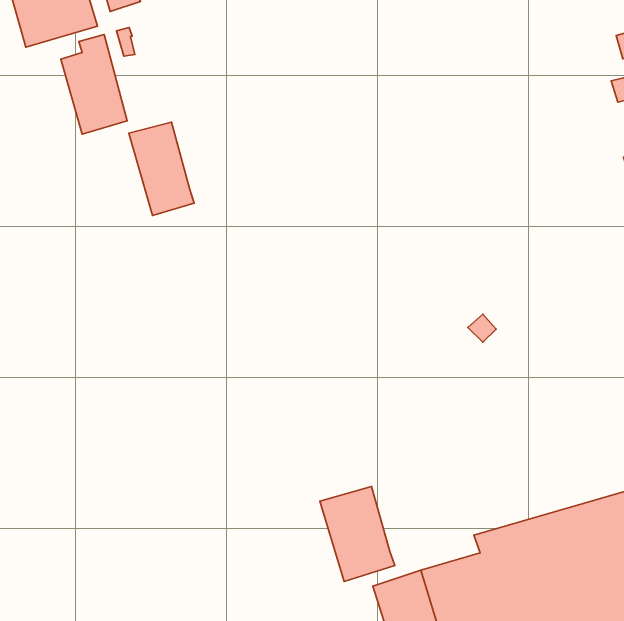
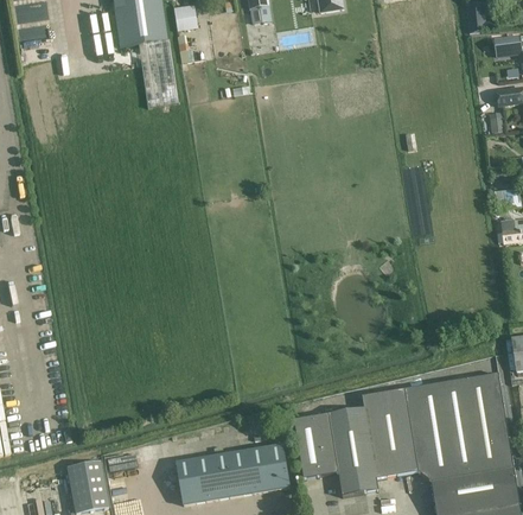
building: [129,122,194,216] -> none
building: [320,487,395,581] -> none

